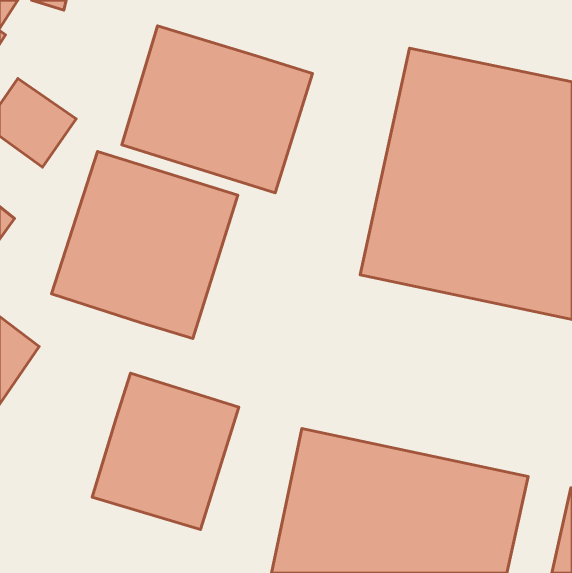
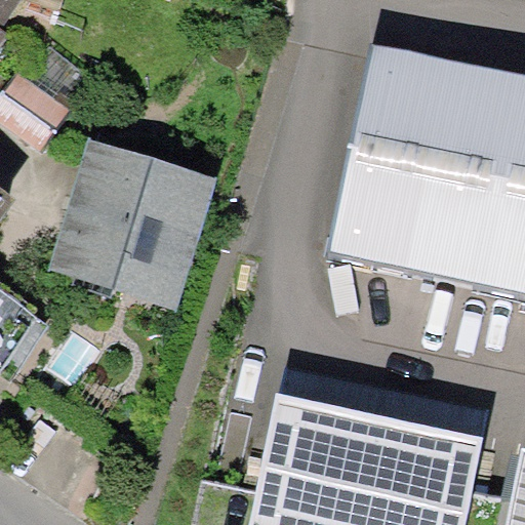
building: [122,26,312,193] -> none
building: [92,373,239,530] -> none

